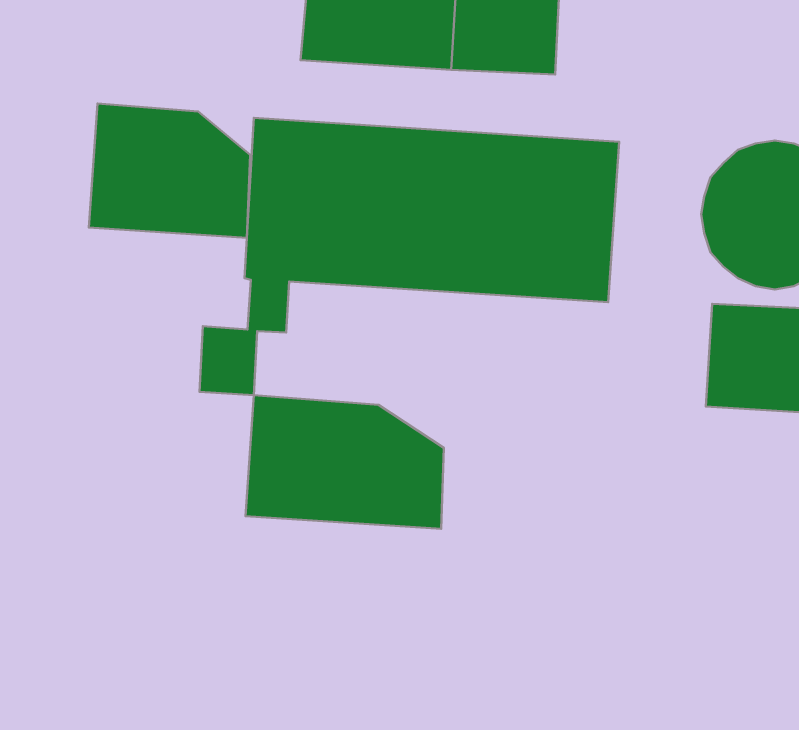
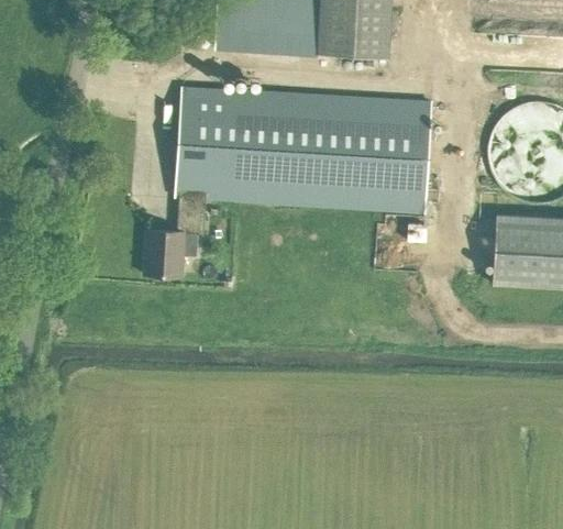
building: [89,103,250,238] -> none
building: [246,395,444,529] -> none

